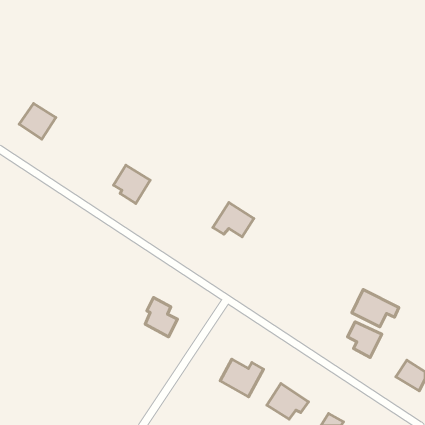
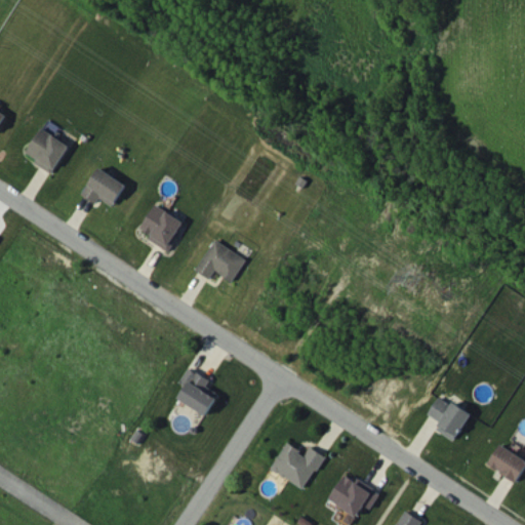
building: none -> [82,168,125,206]
building: [213,203,254,237] -> [196,240,246,282]
building: [352,290,399,327] -> none

